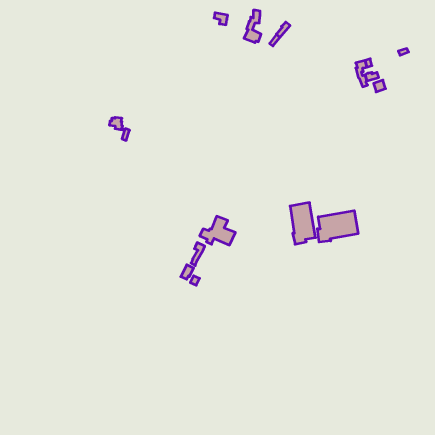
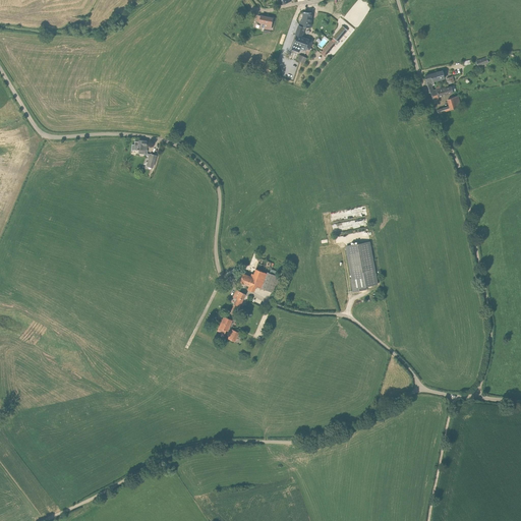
building: [317,211,358,242] -> none

